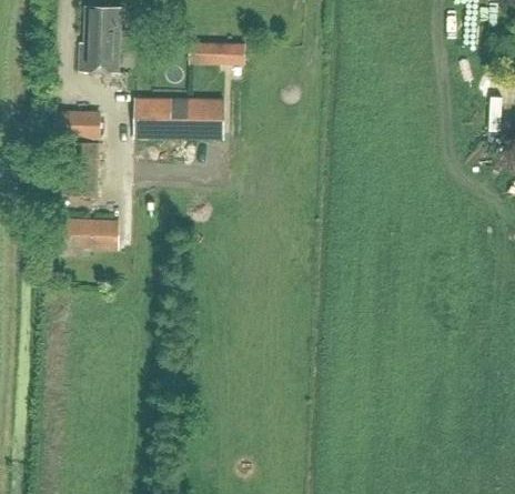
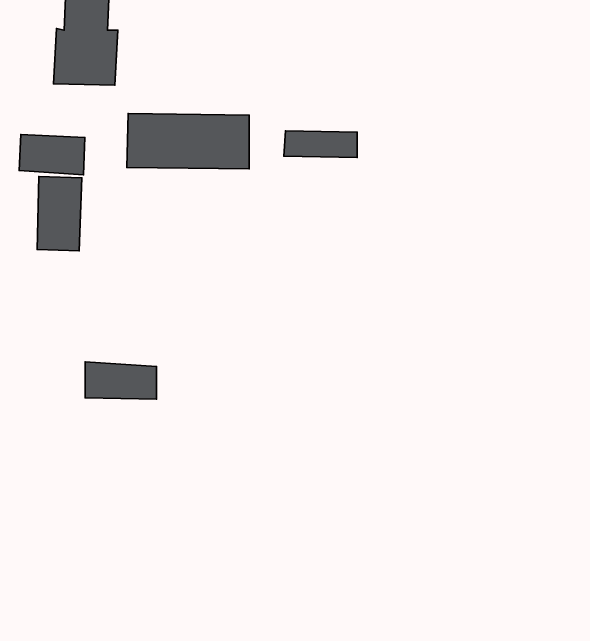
building: [190,43,244,63] -> [284,131,357,158]
building: [62,220,115,248] -> [85,362,157,399]

